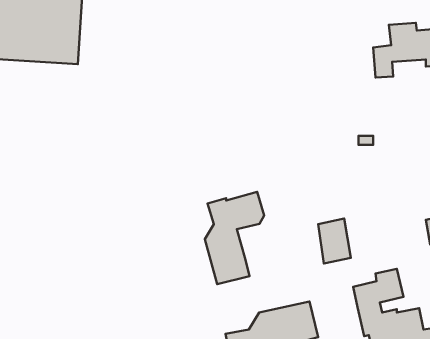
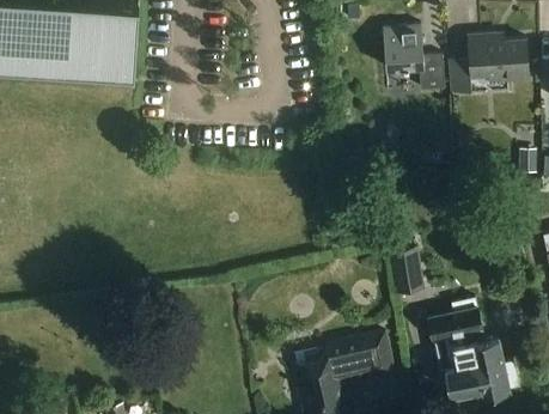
building: none -> [382,26,445,92]
building: [205,192,264,284] -> none

